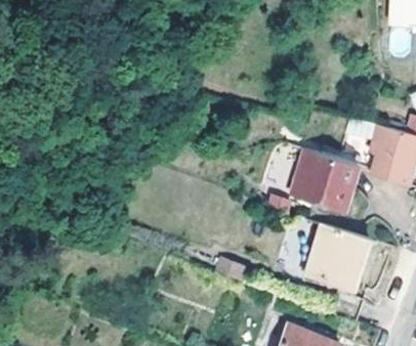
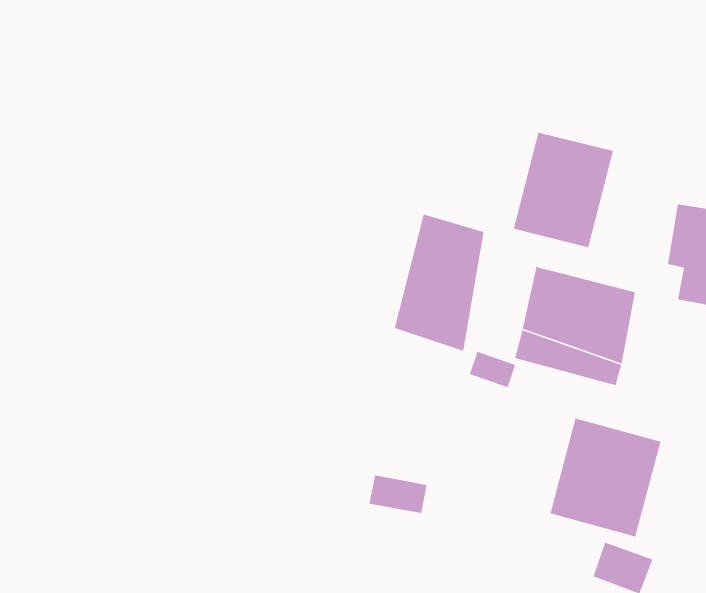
building: none -> [513,132,614,248]
building: none -> [394,213,485,352]

